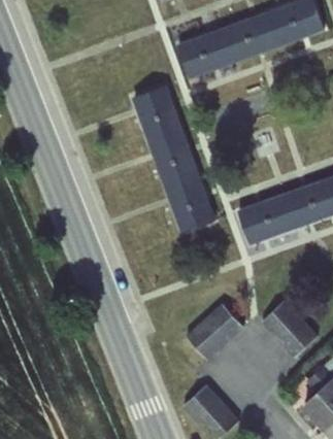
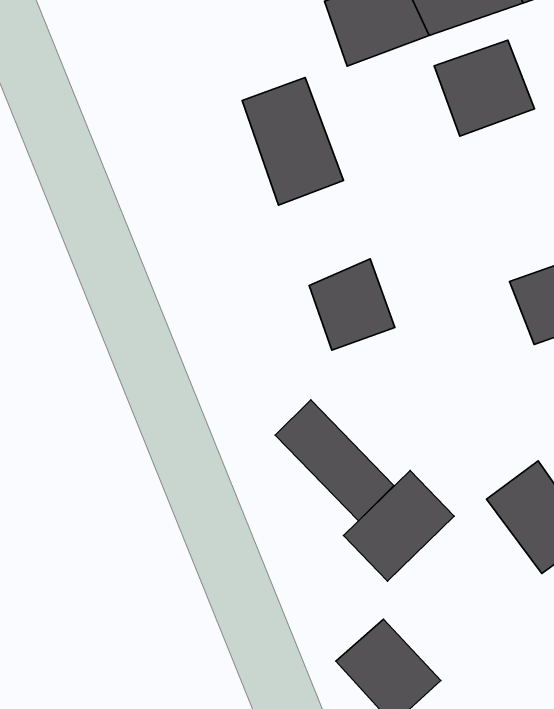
building: none -> [434,40,534,136]
building: [152,142,201,199] -> none
building: [236,197,290,246] -> none
building: none -> [275,400,394,521]

